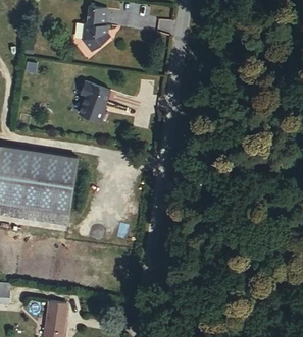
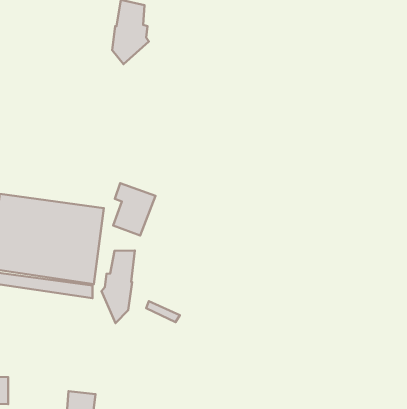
building: [79,91,109,128] -> [113,183,156,235]
building: none -> [101,250,135,323]

